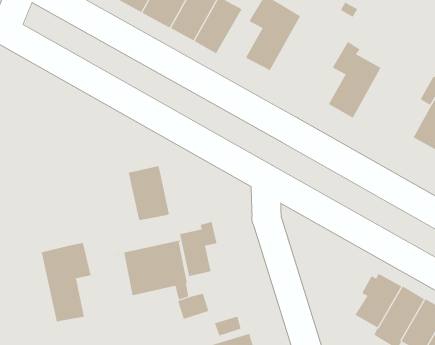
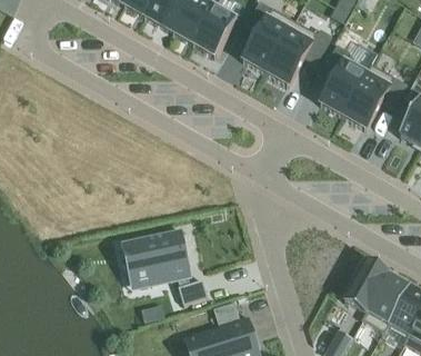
building: none -> [265,21,333,86]
building: none -> [343,65,408,129]
building: [128,165,170,221] -> none
building: [178,221,217,277] -> none
building: [41,242,91,322] -> none

